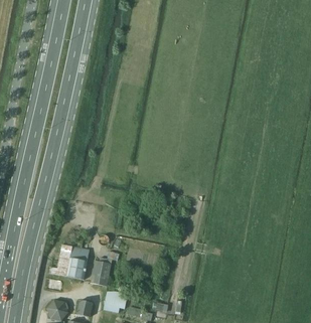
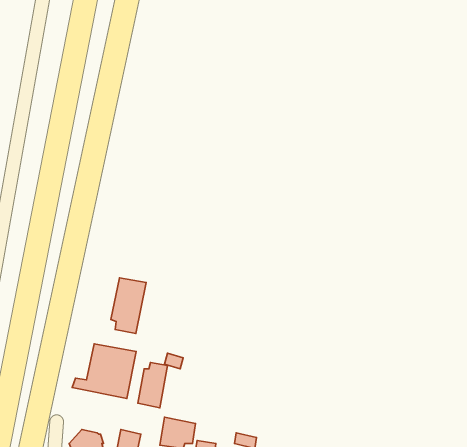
building: none -> [111,278,146,334]

